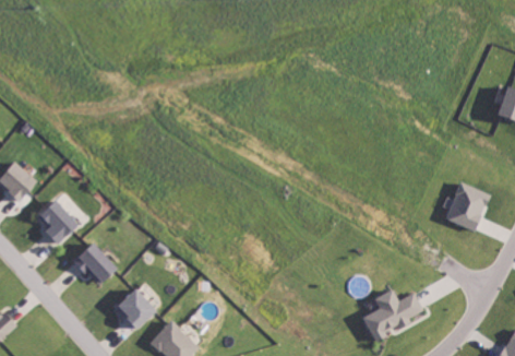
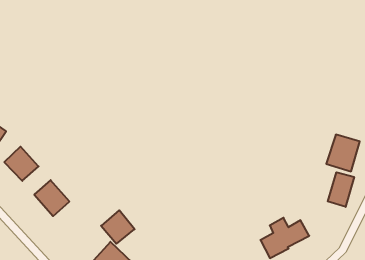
building: none -> [328,172,354,207]
building: [113,287,156,330] -> [101,210,135,244]

